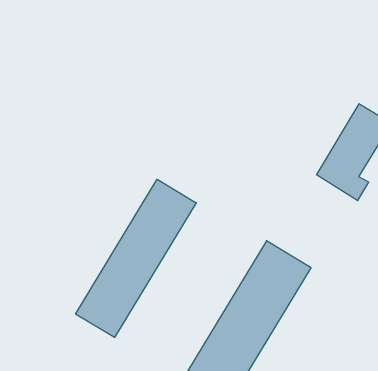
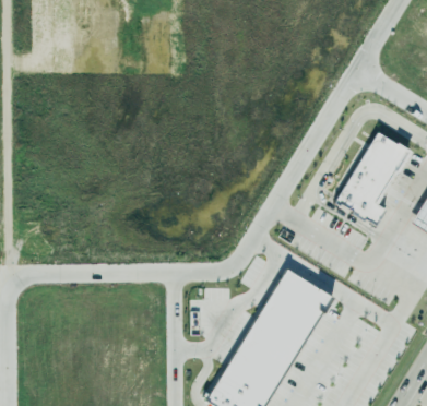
building: [76,179,196,337] -> none

